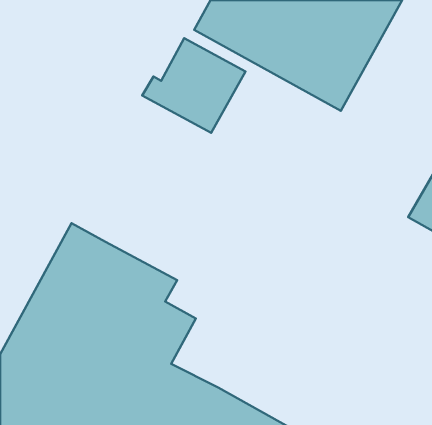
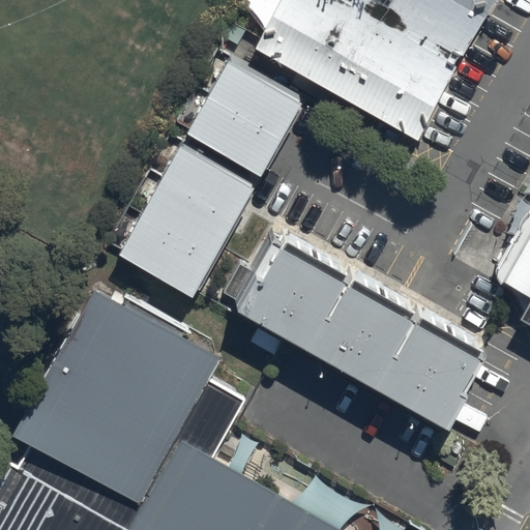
building: none -> [118,145,254,297]
building: none -> [233,235,490,430]

